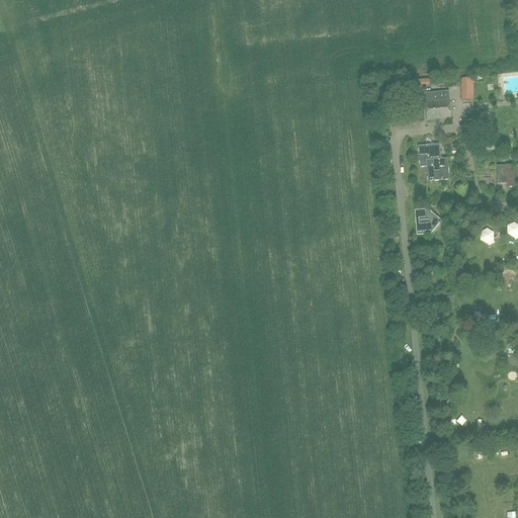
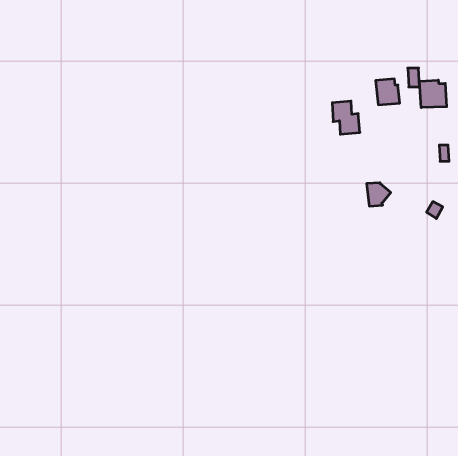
building: none -> [420,80,447,108]
building: [418,142,449,179] -> [332,101,360,134]

